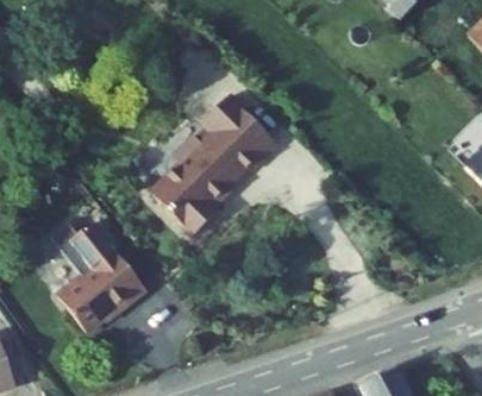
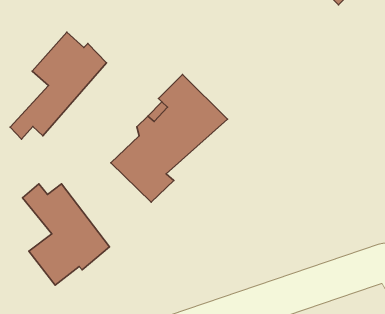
building: none -> [10,32,107,139]

